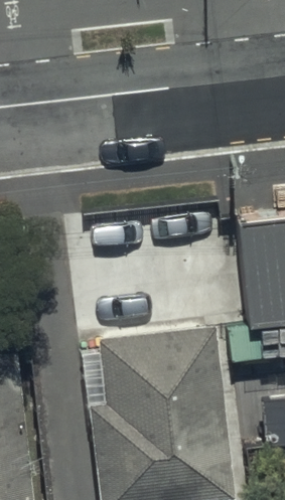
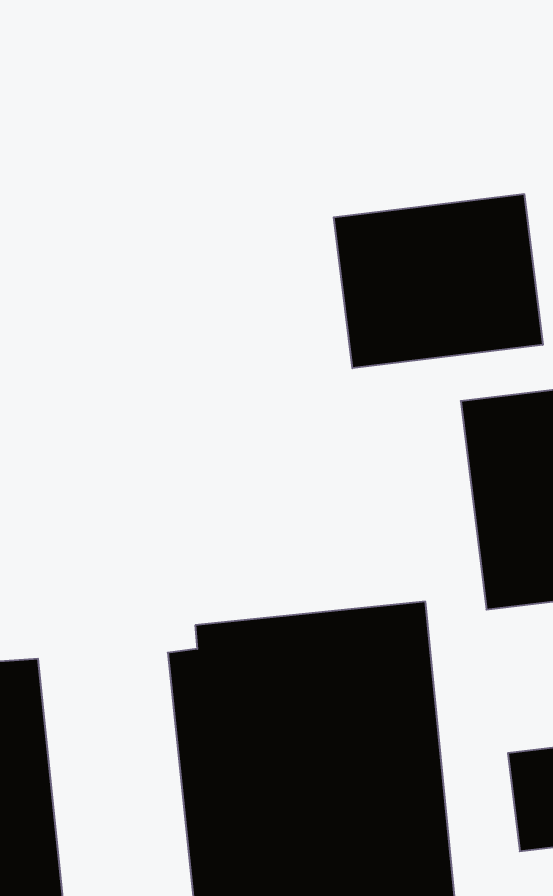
building: none -> [334,194,543,368]

